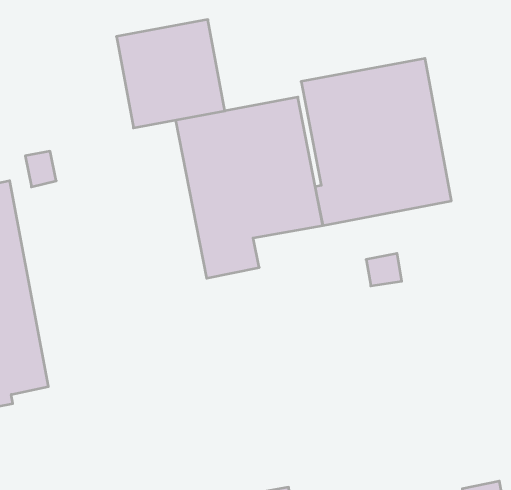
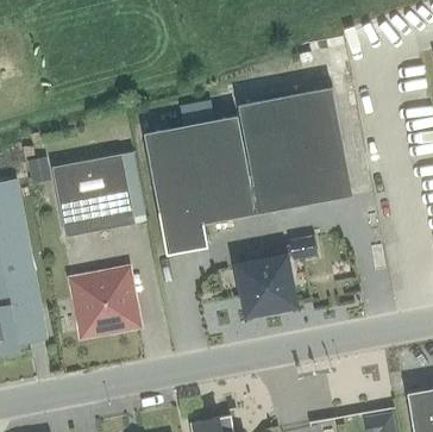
building: [116,20,225,128] -> [51,154,134,237]
building: none -> [237,256,295,315]
building: none -> [70,269,138,337]

